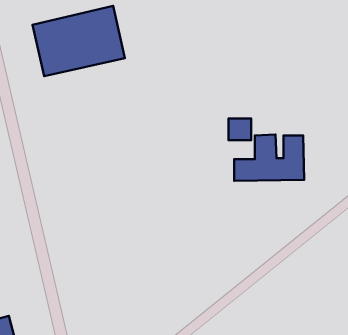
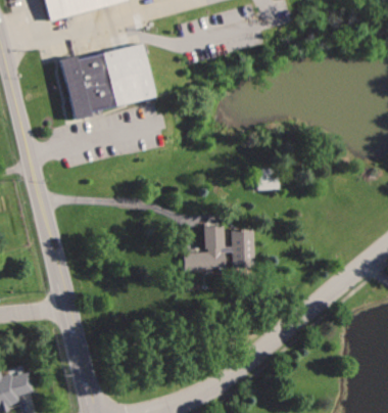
building: [234,134,304,181] -> [187,221,259,269]

